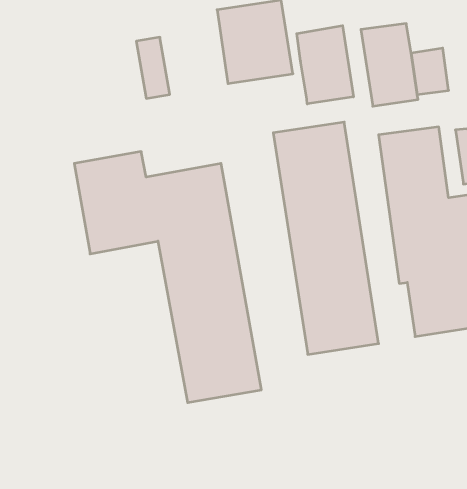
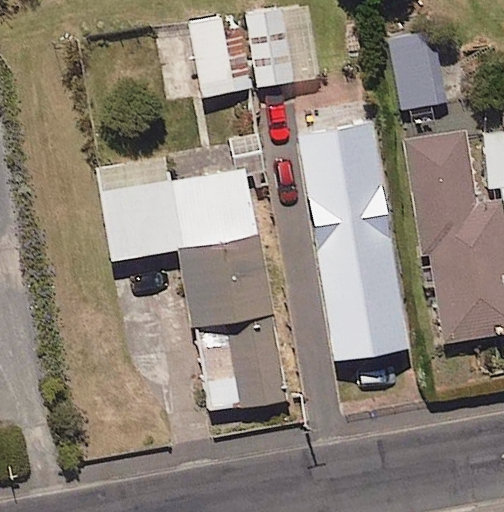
building: none -> [188,13,253,96]
building: [297,26,353,104] -> none

